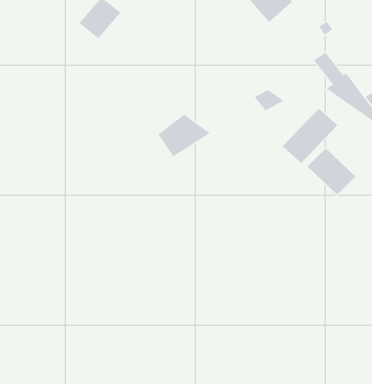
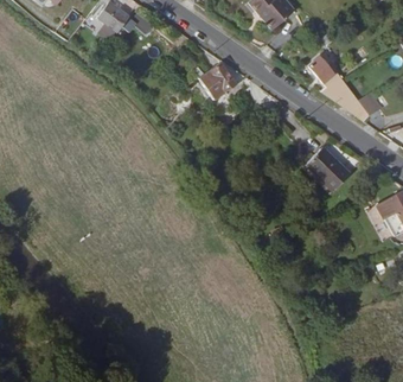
building: [282,108,338,164] -> none
building: [158,114,211,157] -> [198,62,248,102]

